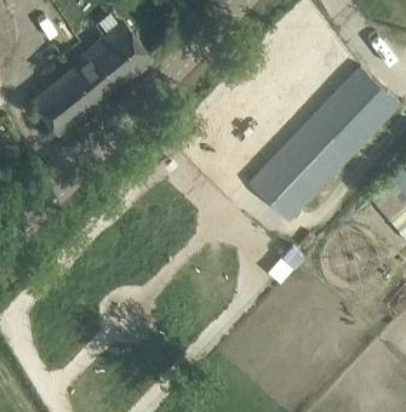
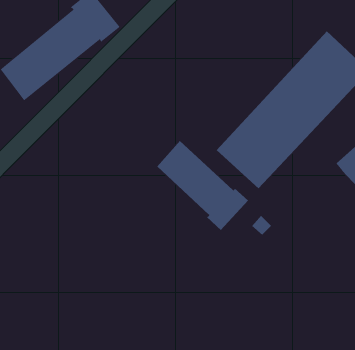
building: none -> [157,140,249,231]

